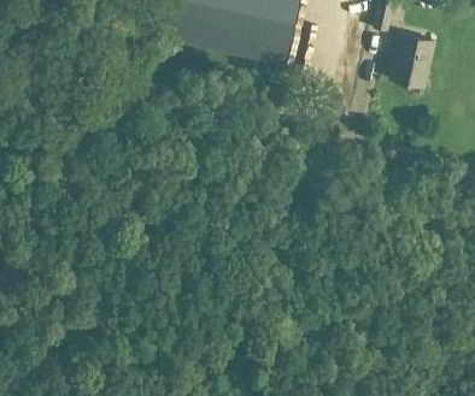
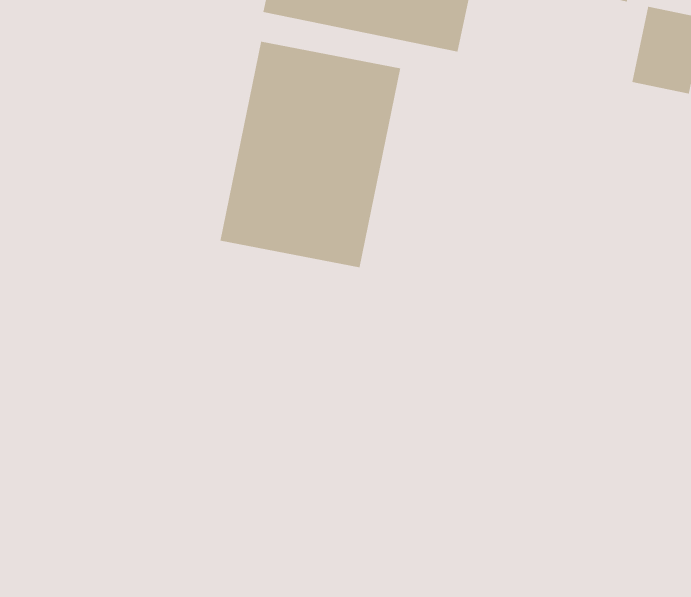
building: none -> [220,41,401,268]

